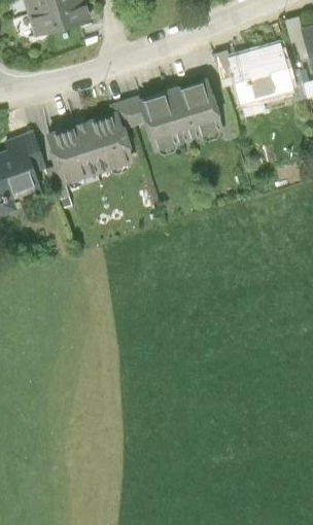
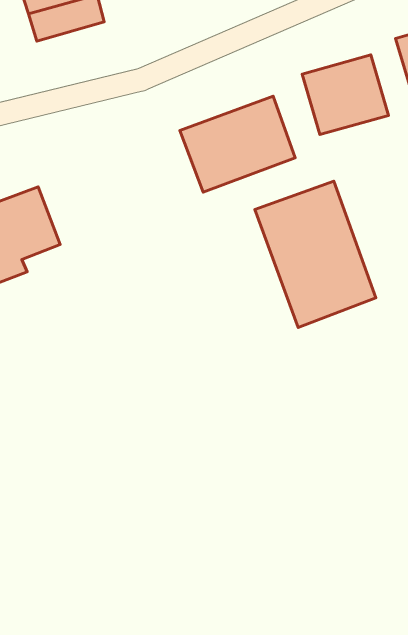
building: [47,111,136,182] -> none
building: none -> [255,181,376,328]

